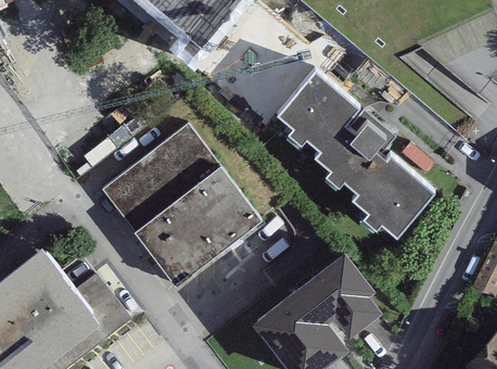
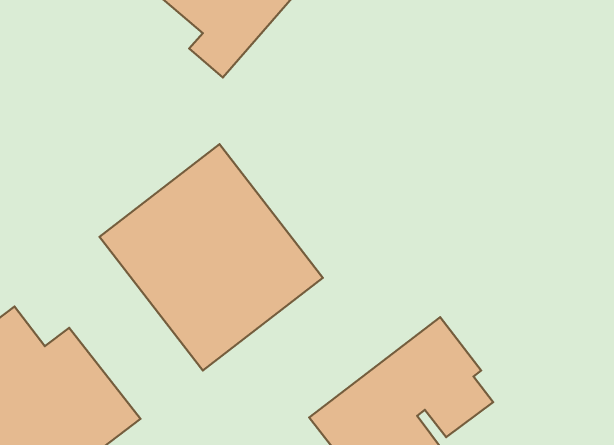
building: [278,73,434,239] -> none

